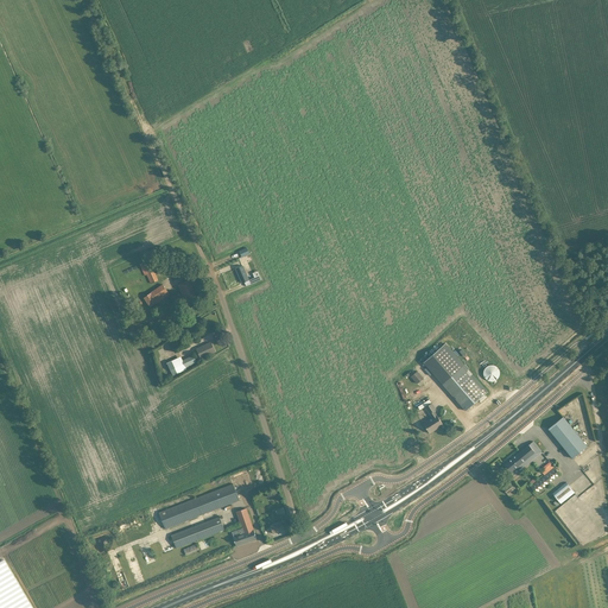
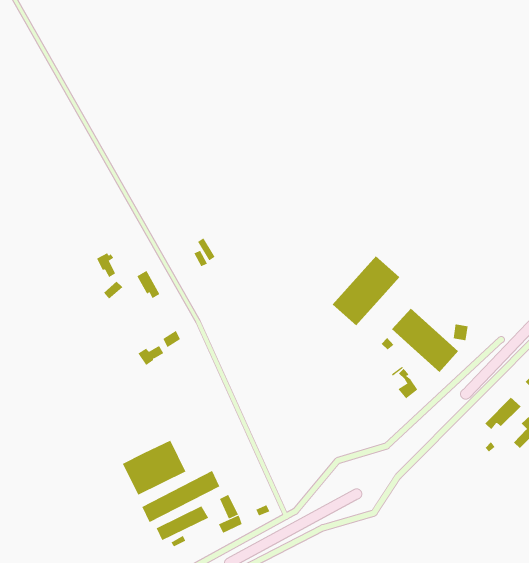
building: none -> [332,256,400,326]
building: none -> [122,440,186,496]

